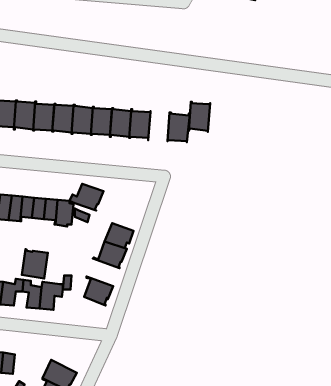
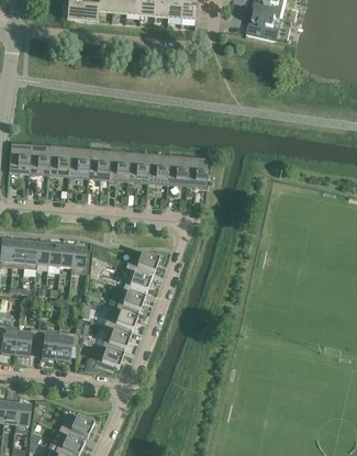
building: [189,102,210,132] -> [167,155,189,186]
building: [69,184,103,210] -> [124,251,159,278]
building: [22,249,48,278] -> none
building: none -> [103,307,137,335]
building: none -> [86,346,123,374]

